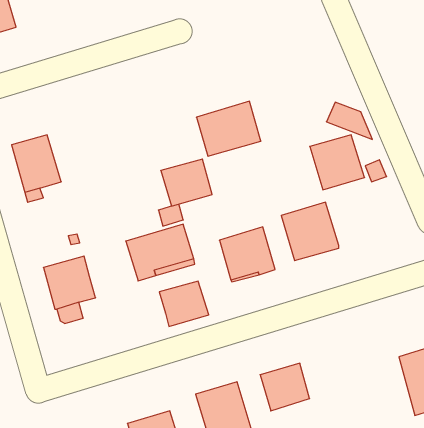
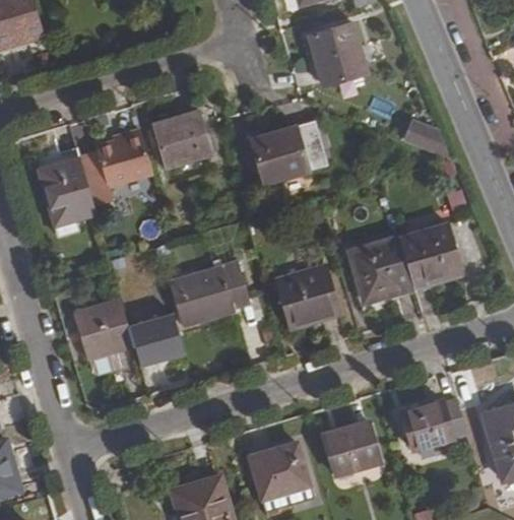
building: none -> [308,21,368,86]
building: none -> [82,130,152,205]
building: [310,135,365,190] -> [399,222,462,285]
building: [161,159,212,206] -> [153,112,212,166]
building: [159,281,209,326] -> [128,309,185,361]
building: none -> [401,397,467,449]

